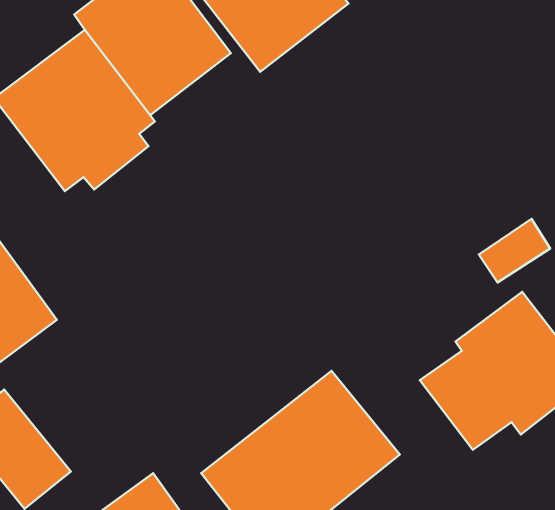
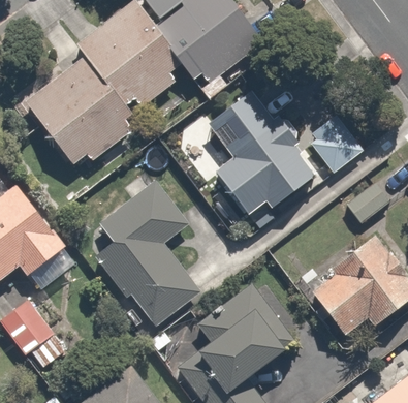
building: none -> [207,93,318,220]
building: none -> [308,120,367,178]
building: none -> [82,186,202,332]

